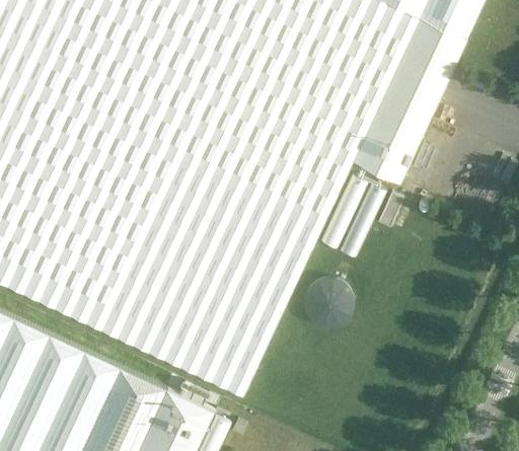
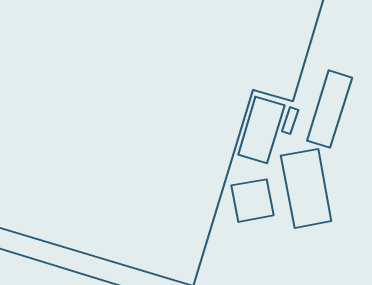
building: none -> [307,70,352,148]
building: none -> [281,149,331,228]

